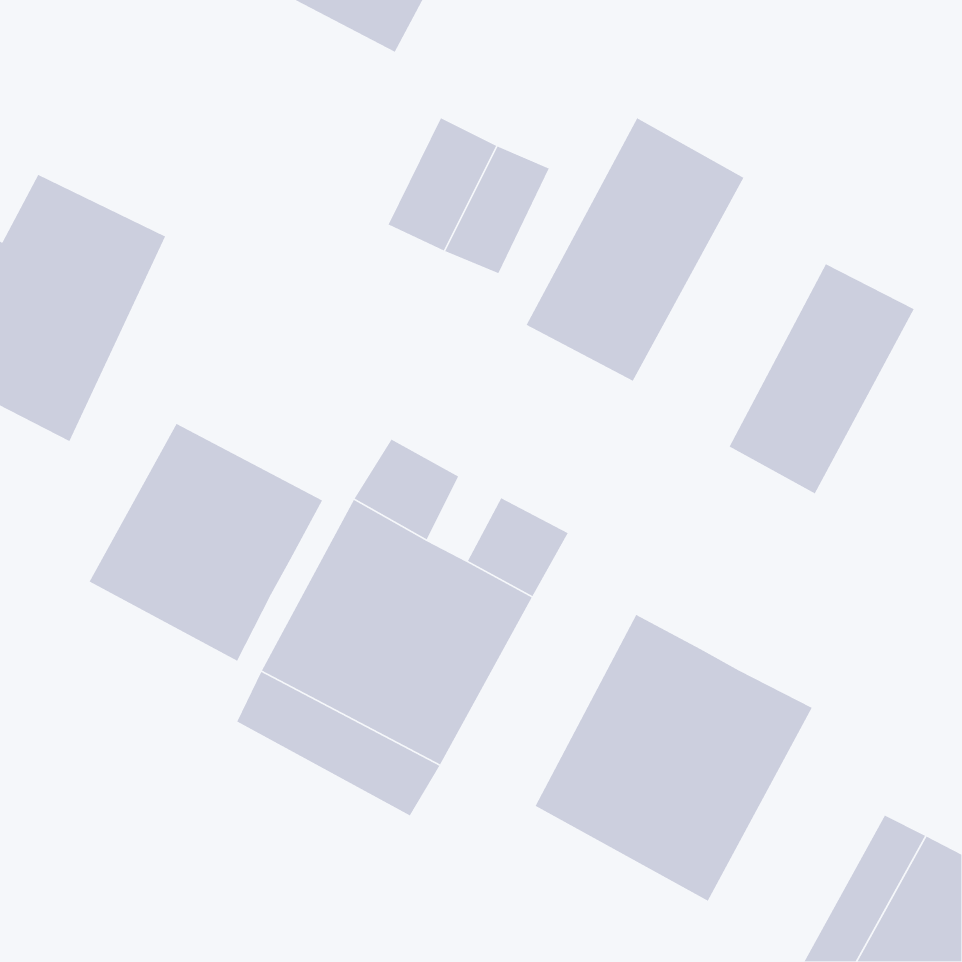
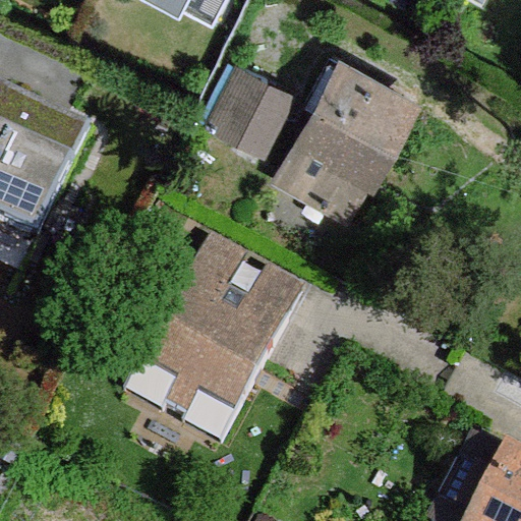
building: [728,263,915,494] -> none
building: [89,423,323,662] -> none
building: [535,614,813,902] -> none

